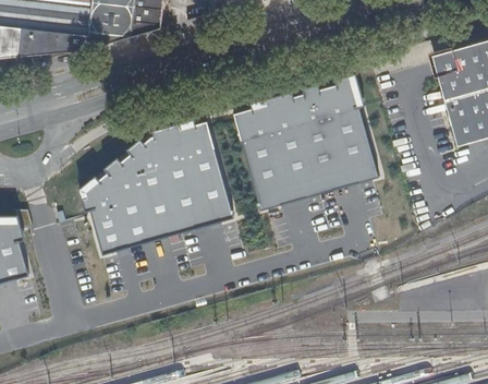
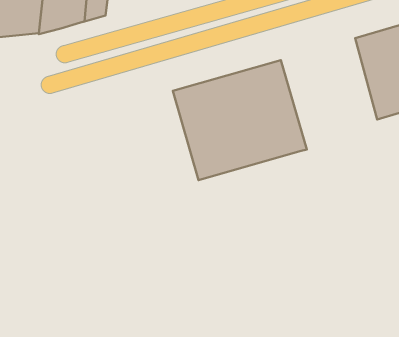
building: [84,120,233,254] -> none

